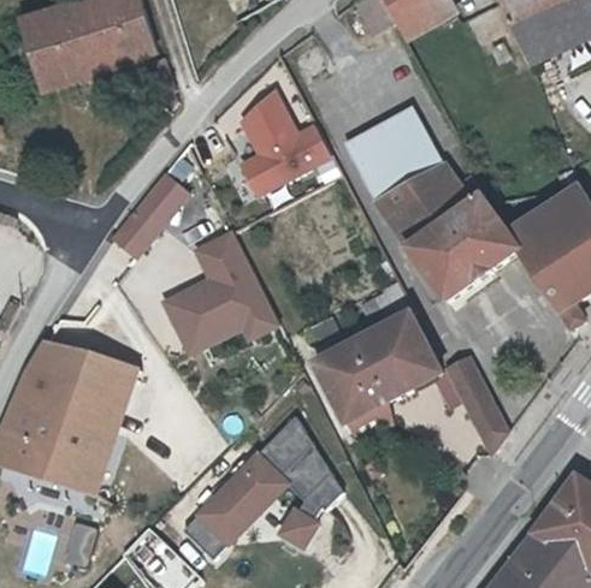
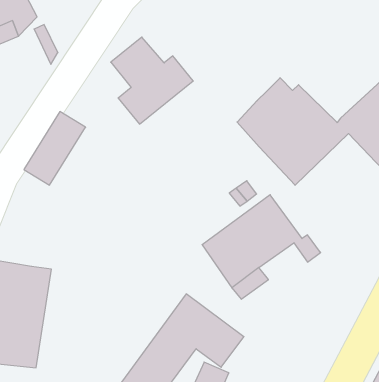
building: [345,107,442,214] -> none
building: [161,226,278,357] -> none
building: [447,354,509,450] -> none
building: [85,362,153,494] -> none

